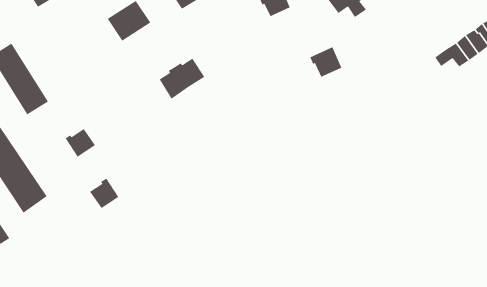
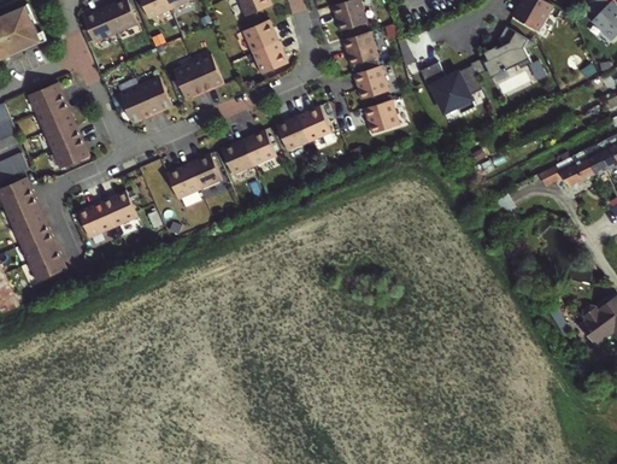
building: none -> [118,77,170,123]
building: none -> [275,105,329,149]
building: [309,46,342,77] -> [362,98,398,131]
building: none -> [166,154,221,199]
building: [89,178,119,209] -> [78,201,112,236]

